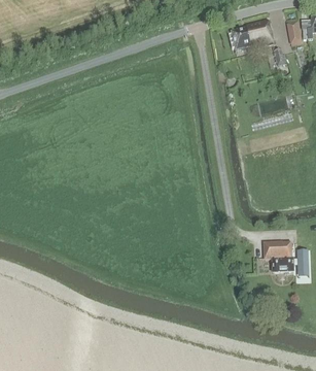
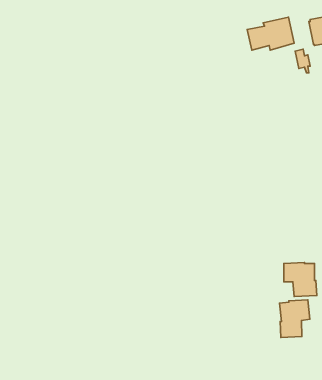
building: none -> [279,300,310,338]

